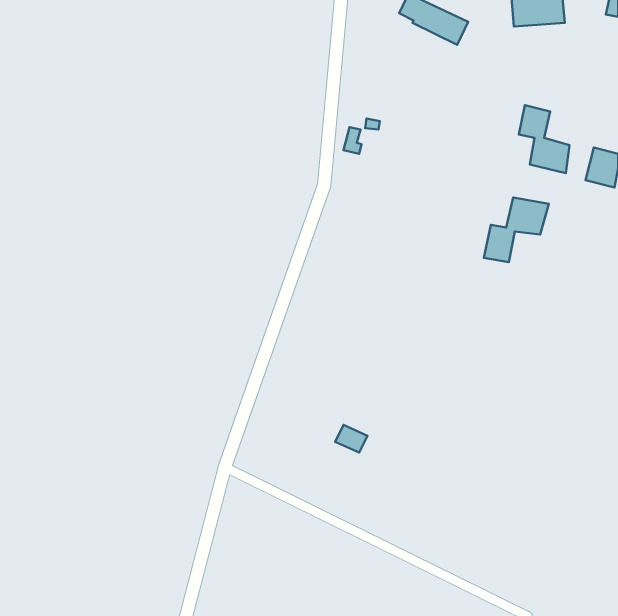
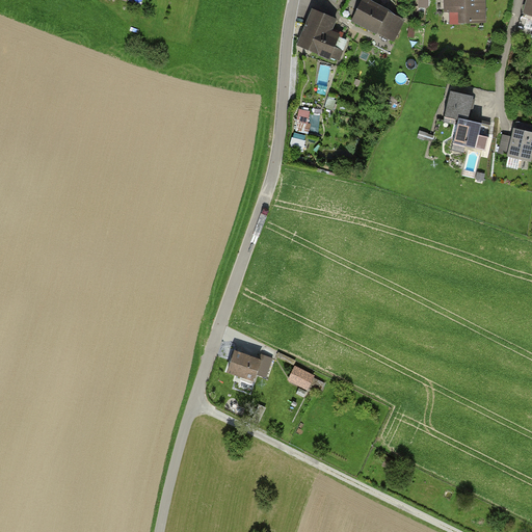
building: none -> [298,9,347,60]
building: [484,197,549,262] -> none
building: none -> [223,350,273,380]

